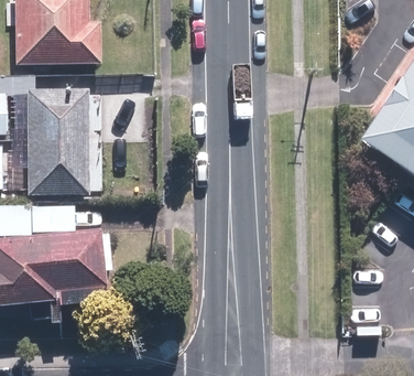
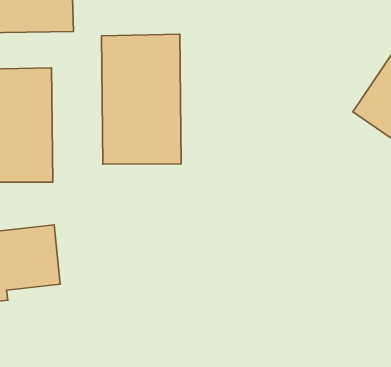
building: none -> [101,34,181,164]

